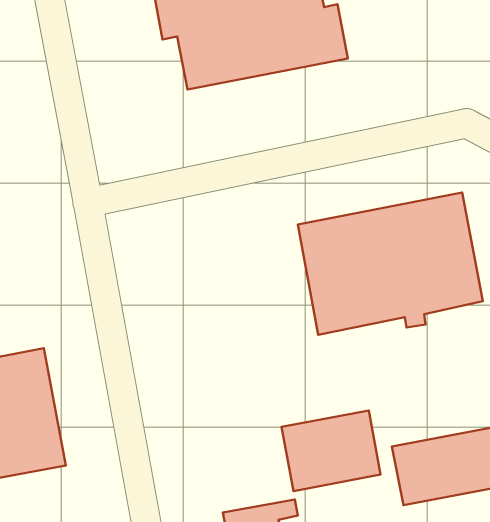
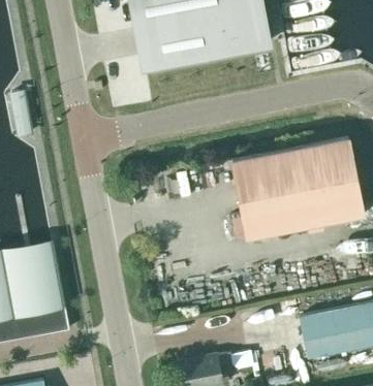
building: [282,410,380,491] -> none

